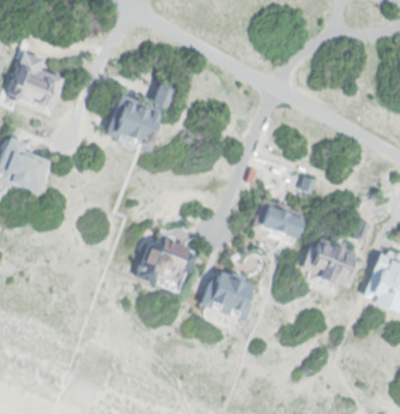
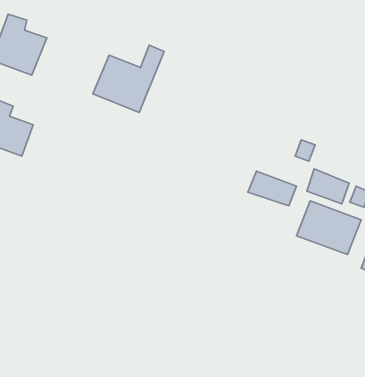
building: none -> [307,169,349,204]
building: [135,239,199,283] -> none
building: [201,270,255,323] -> none

